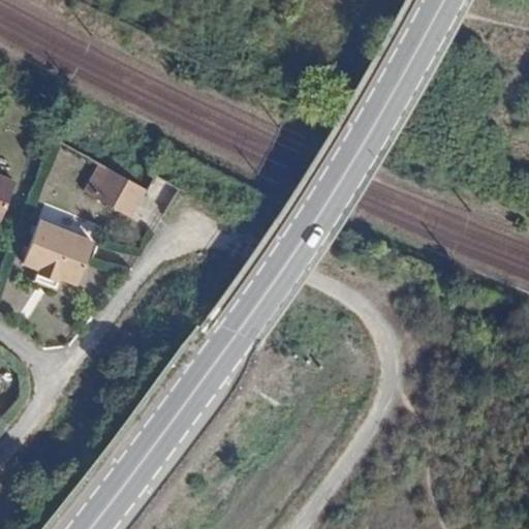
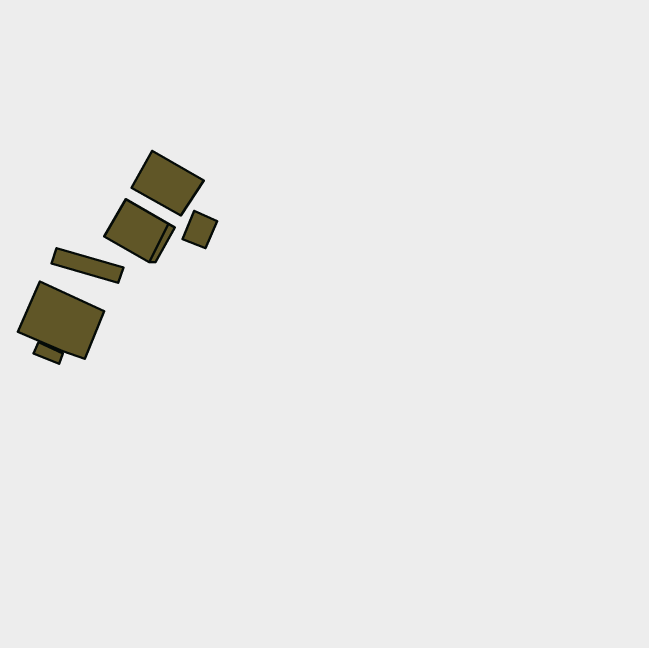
building: none -> [132,151,204,216]

